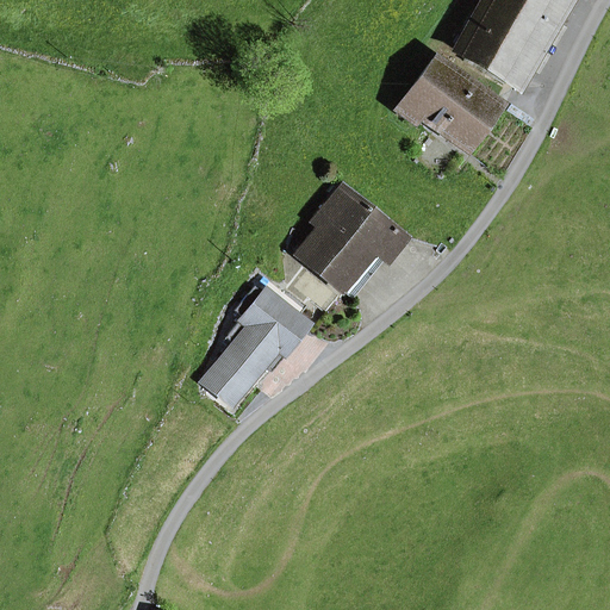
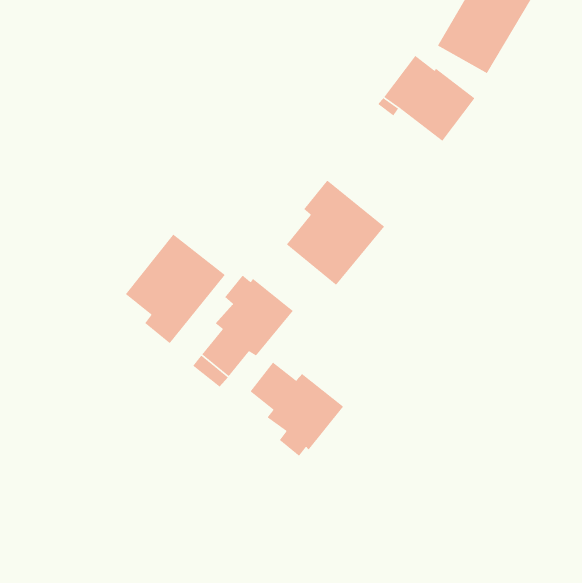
building: none -> [125,234,226,344]
building: none -> [249,362,344,457]

